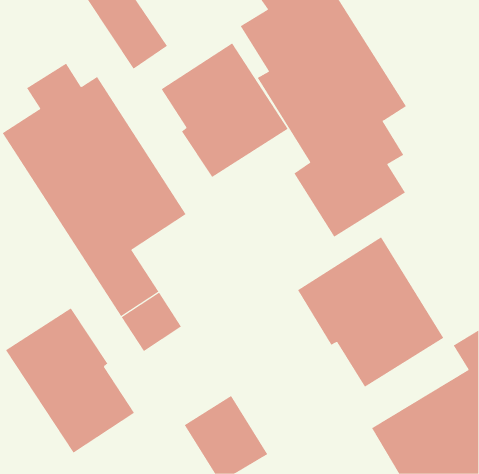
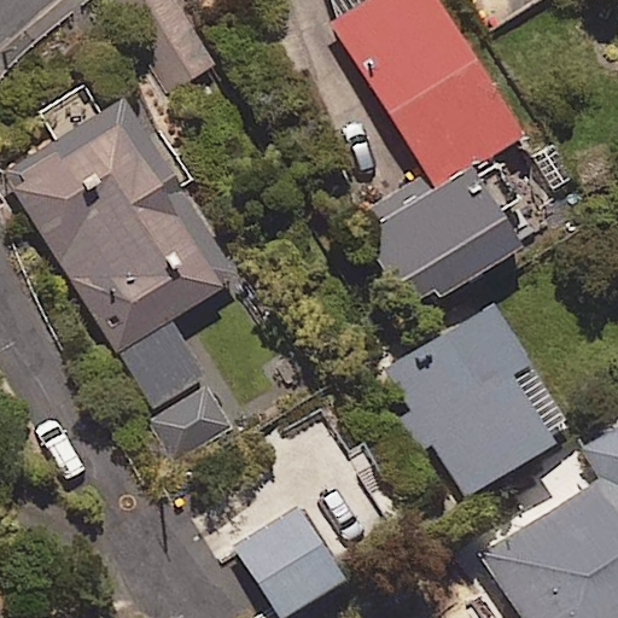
building: [161,43,289,178] -> none
building: [5,308,135,454] -> none

